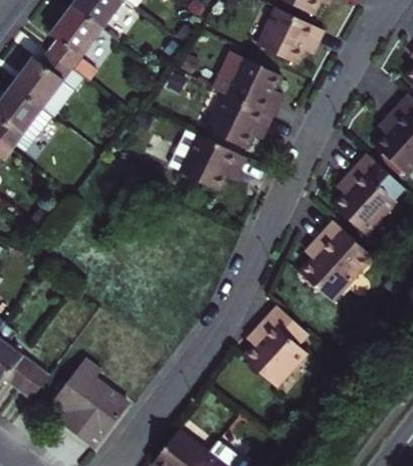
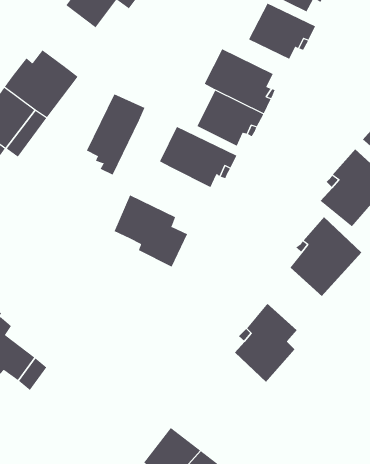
building: [49,8,102,70] -> none
building: none -> [86,93,145,176]
building: none -> [114,195,188,268]
building: [54,364,129,451] -> none

